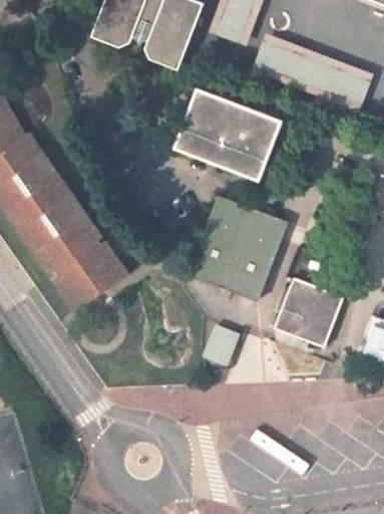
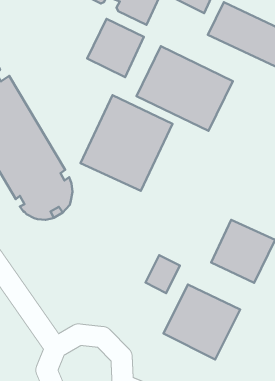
building: none -> [87,19,144,77]
building: [187,195,288,300] -> [81,95,172,191]
building: none -> [163,284,240,359]

